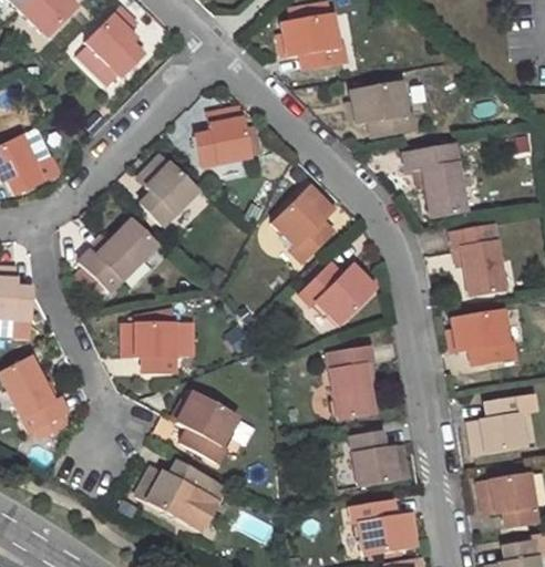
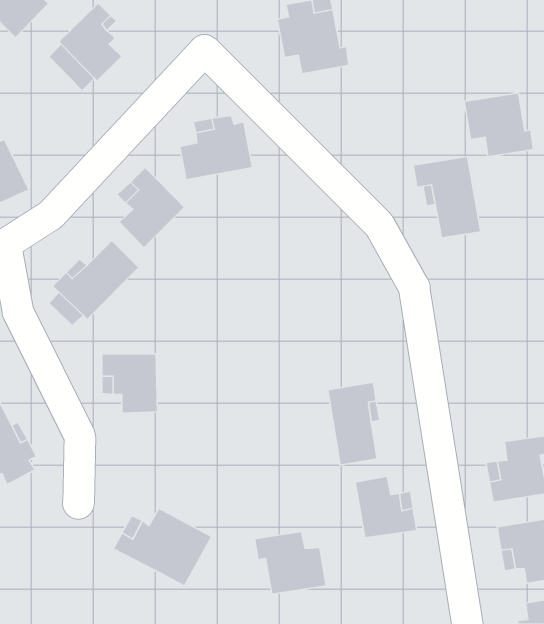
building: [352,81,414,138] -> [464,93,533,157]
building: [272,187,335,261] -> none
building: [450,225,503,297] -> none
building: [301,264,377,323] -> none
building: [453,310,517,365] -> none
building: [177,390,239,463] -> none
building: [350,499,414,556] -> [254,531,326,594]

